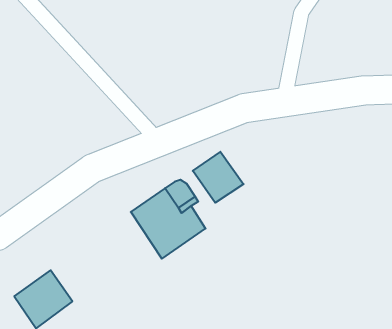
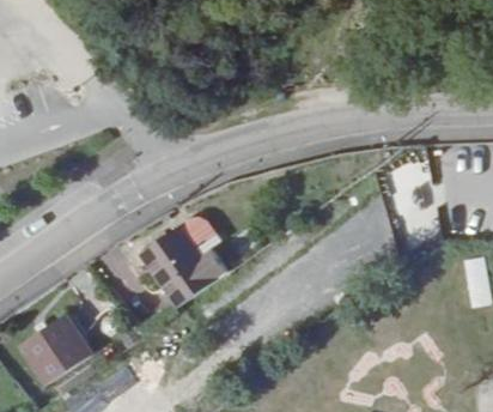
building: [193,152,244,203] -> none

